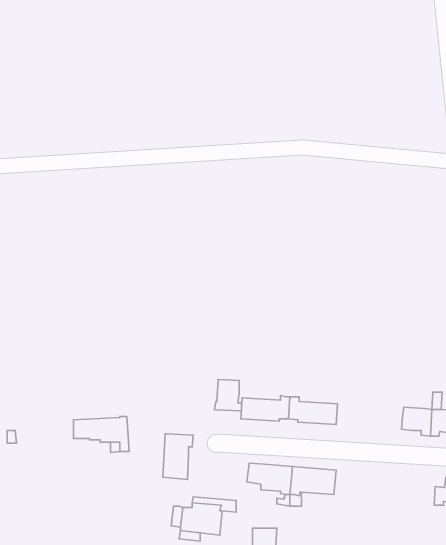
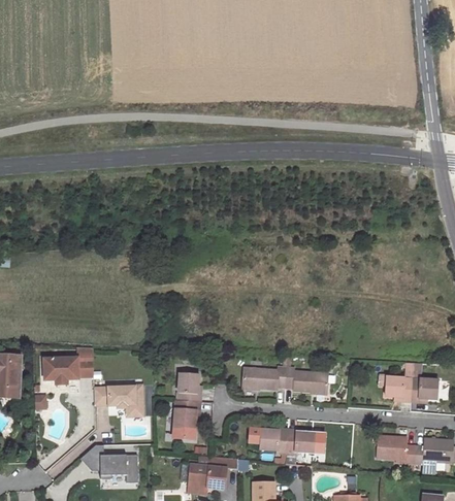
building: none -> [44,347,93,379]
building: [215,379,241,411] -> [176,373,200,401]
building: none -> [377,435,415,463]
building: none -> [80,444,138,482]

